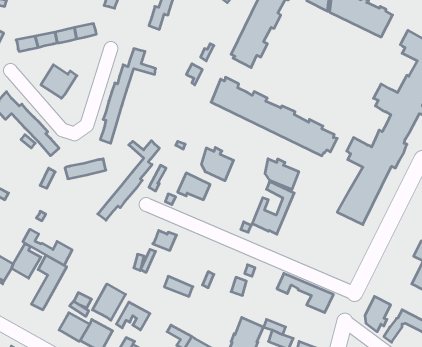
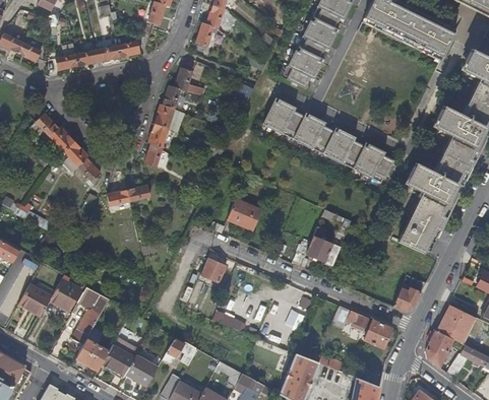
building: [41,65,77,98] -> none
building: [98,141,159,220] -> none
building: [202,147,234,181] -> none
building: [265,159,299,190] -> none
building: [23,229,72,265] -> none
building: none -> [392,276,425,311]
building: none -> [436,304,474,342]
building: [92,284,126,320] -> none
building: none -> [76,339,109,371]

